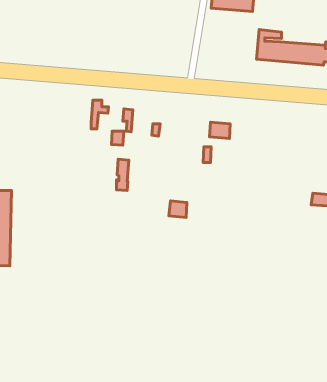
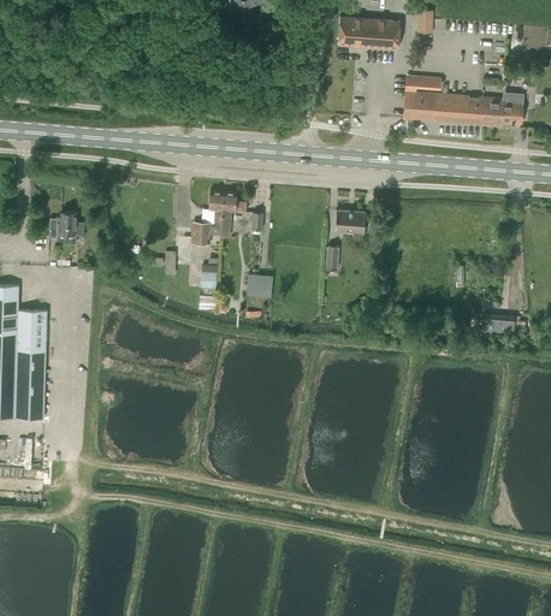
building: [91,100,109,129] -> [220,192,245,235]
building: none -> [48,212,83,238]
building: [169,201,187,217] -> [245,274,272,298]

